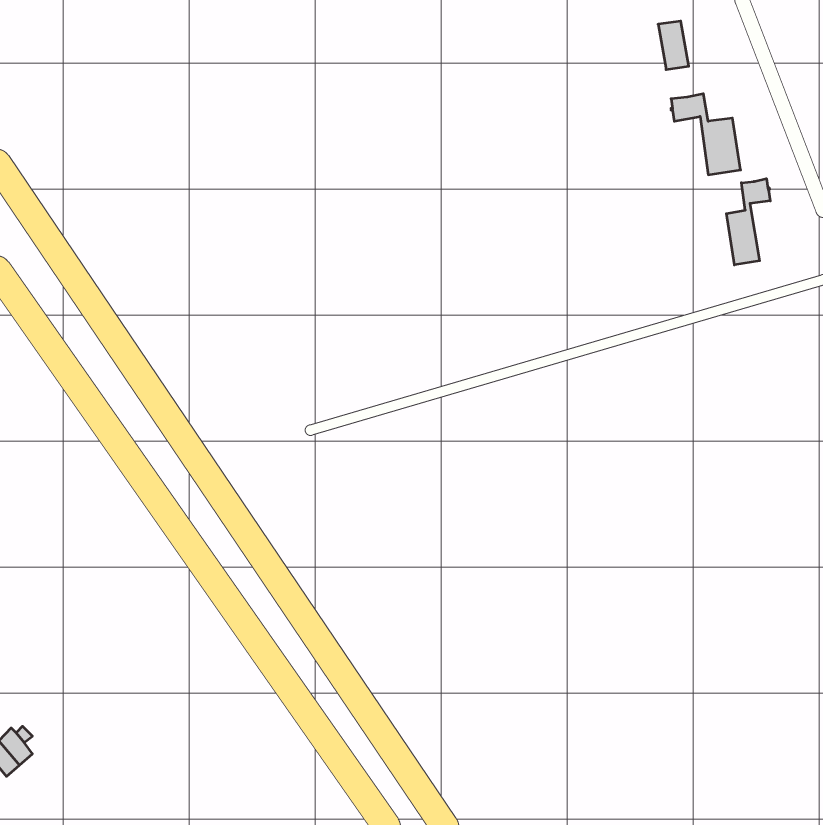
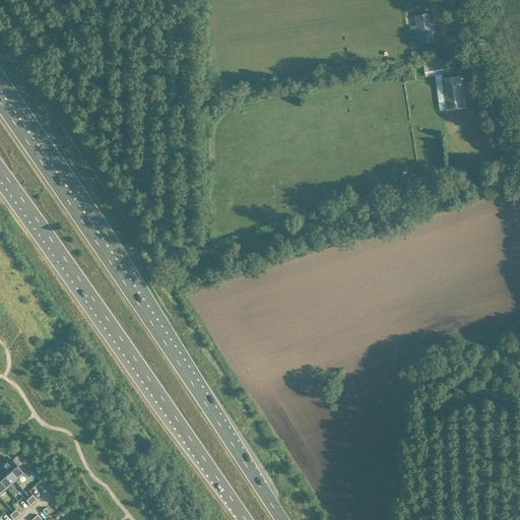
building: [726,179,770,265] -> none

